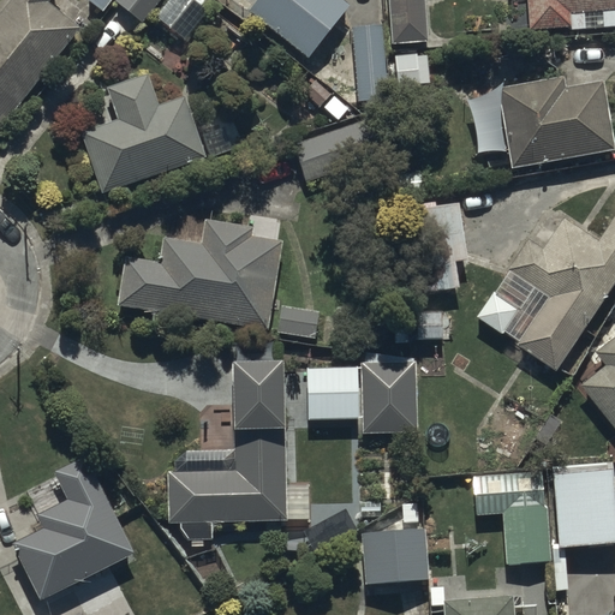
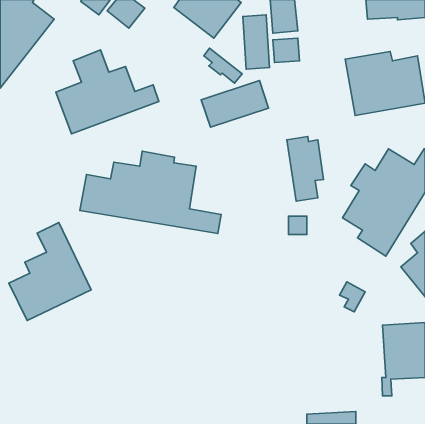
building: [167,360,287,539] -> none
building: [308,362,418,432] -> none
building: [14,455,133,597] -> [9,222,91,320]
building: [473,473,549,562] -> none
building: [362,508,428,583] -> none

